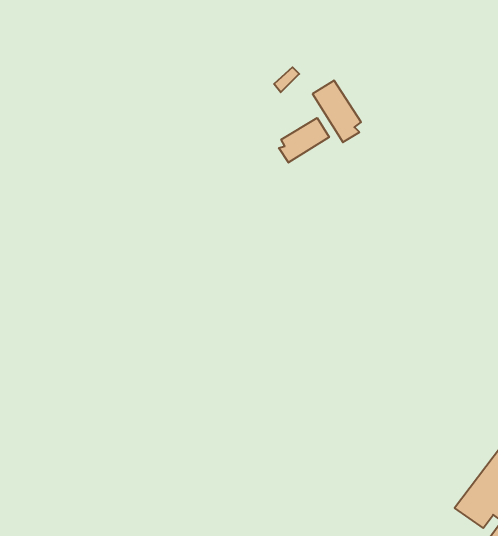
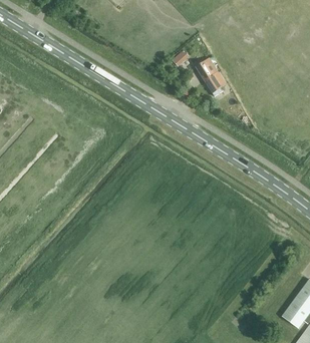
building: [279,118,329,163] -> none

